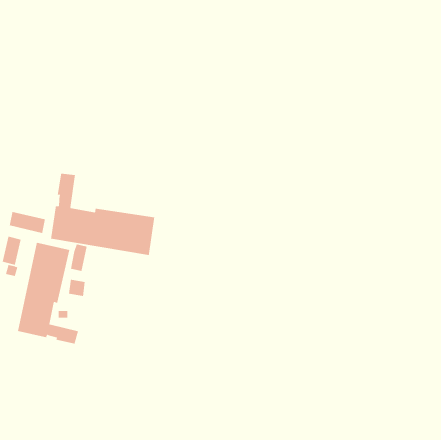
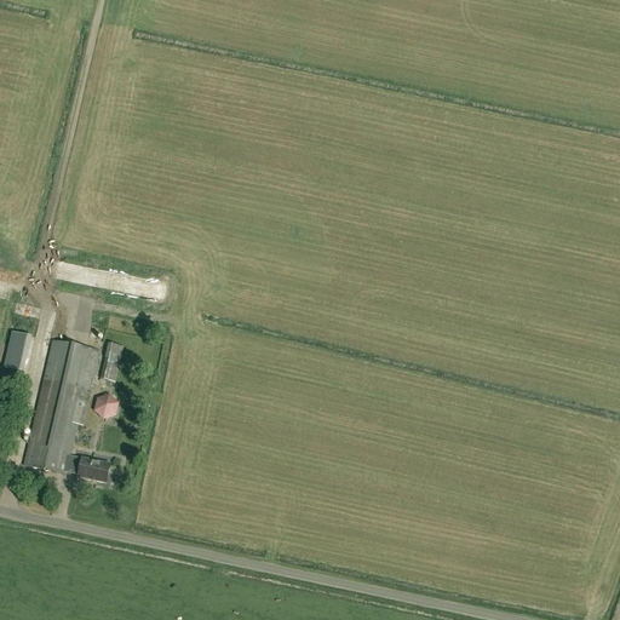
building: [50,173,155,256] -> none
building: [9,211,46,234] -> none

